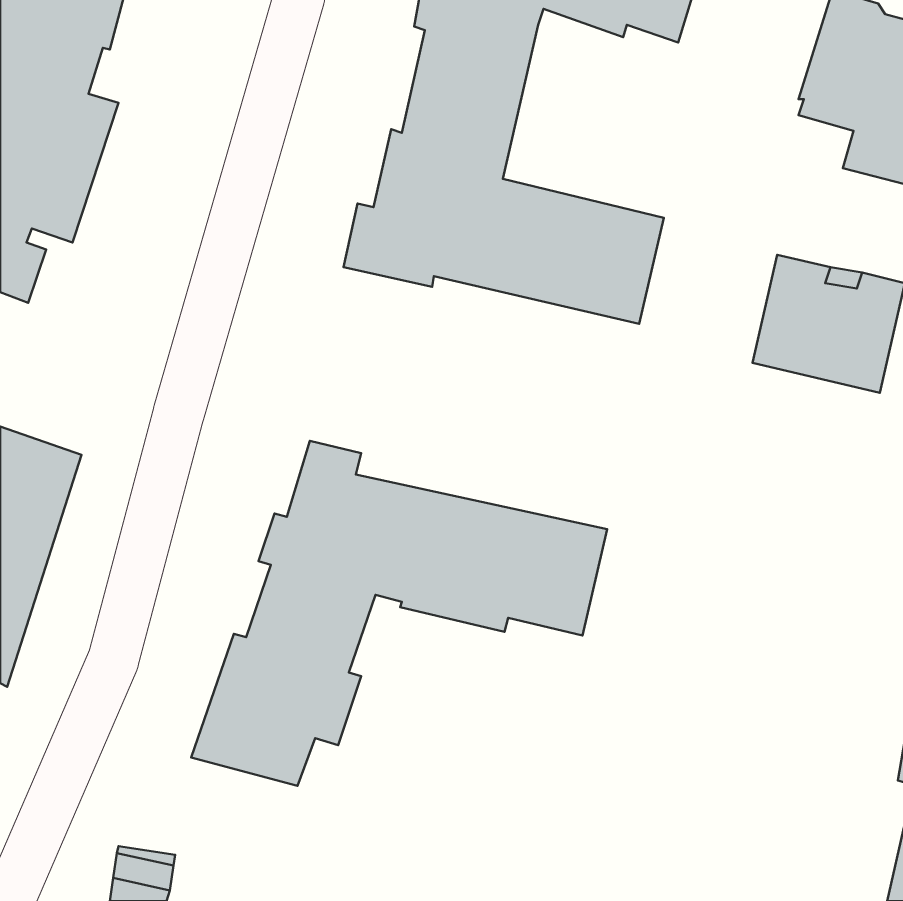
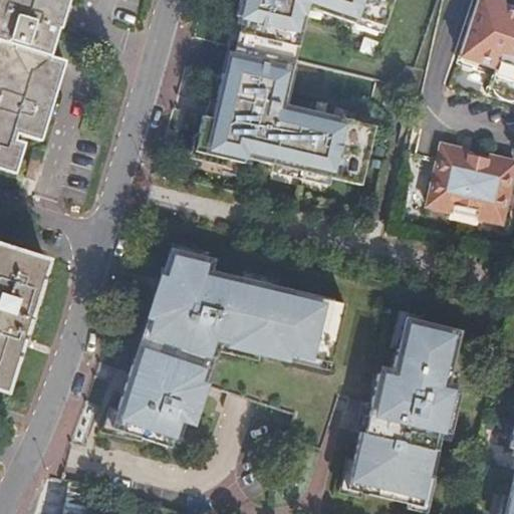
building: none -> [346,314,461,504]

